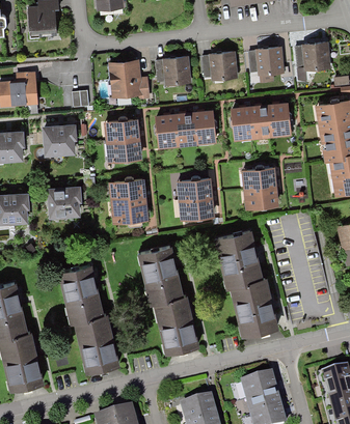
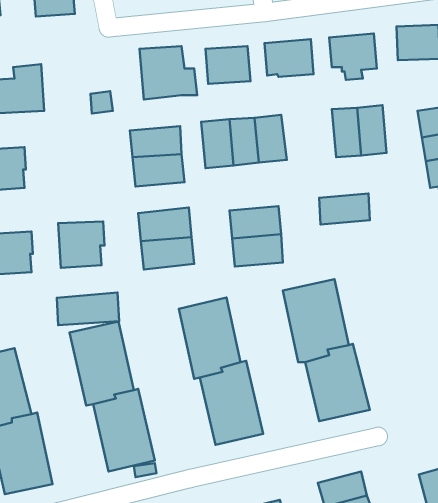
building: [230,104,253,141] -> none
building: [43,124,76,158] -> none
building: [242,186,280,208] -> none
building: none -> [57,293,119,325]

